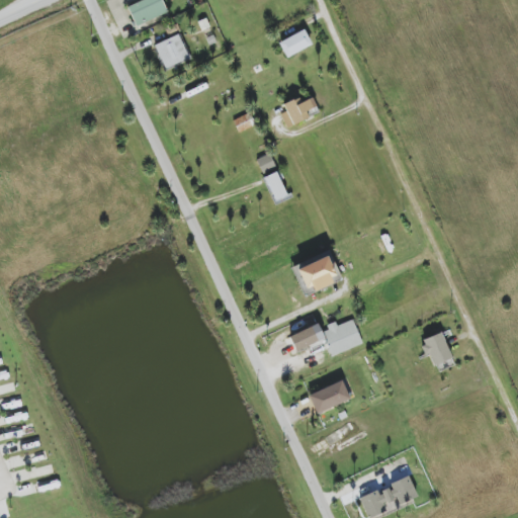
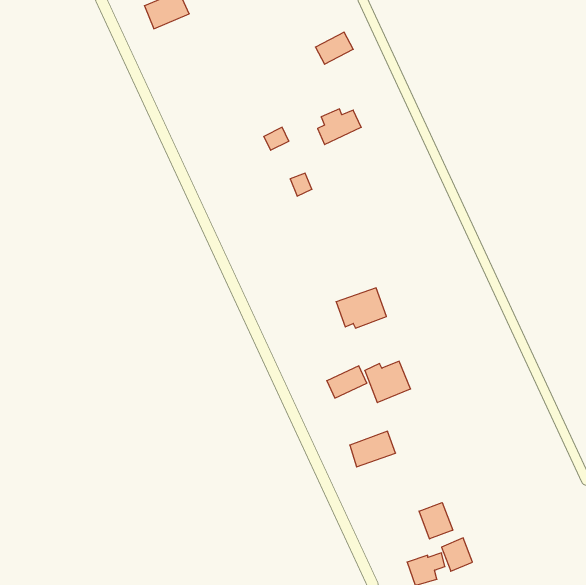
building: [154,32,190,70] -> none
building: [263,171,287,201] -> none
building: [420,332,453,370] -> none
building: none -> [419,503,453,539]

